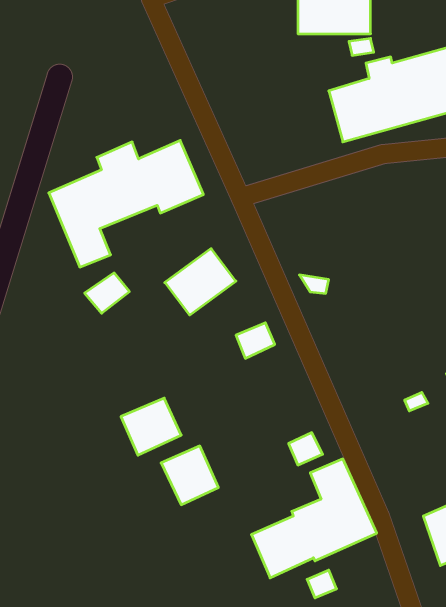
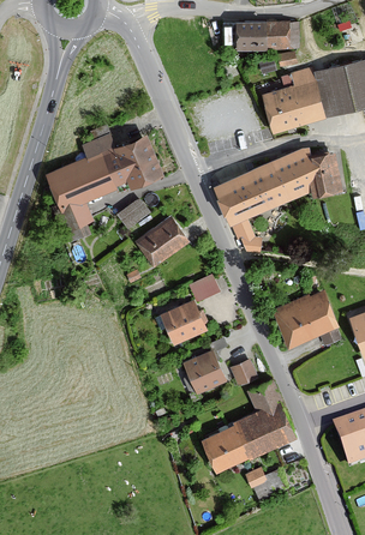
building: none -> [214,149,343,226]
building: [85,273,129,313] -> [115,198,150,229]
building: none -> [275,290,335,343]
building: [121,398,181,455] -> [160,300,207,344]
building: [161,446,218,505] -> [182,349,227,395]

